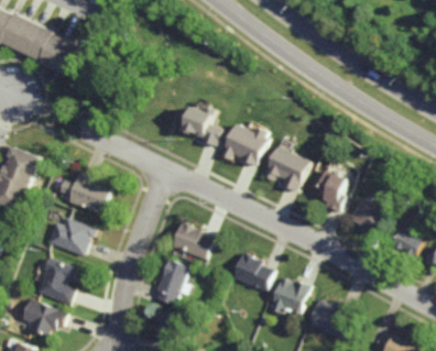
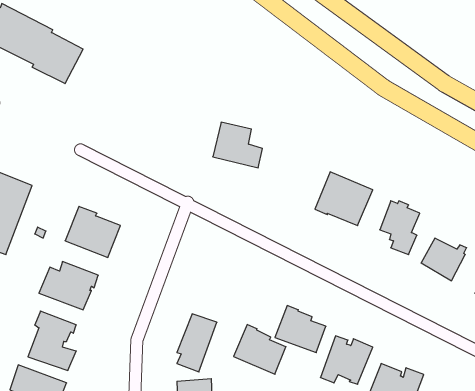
building: [220,122,270,164] -> none
building: [168,220,210,260] -> [234,325,286,374]

